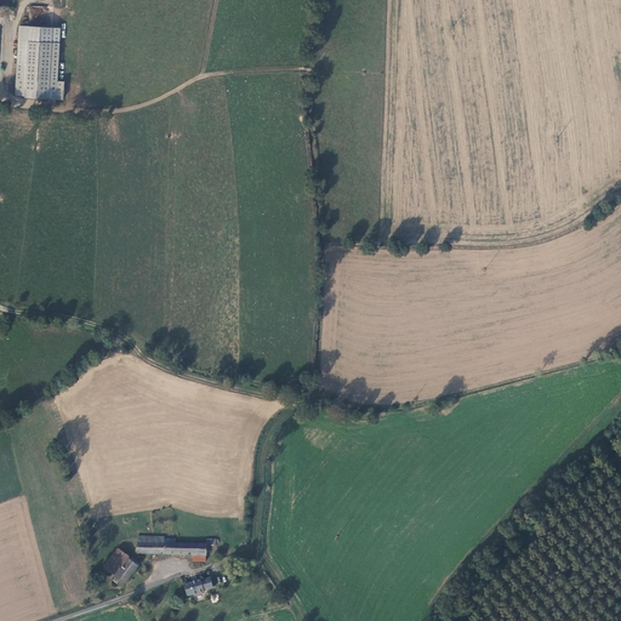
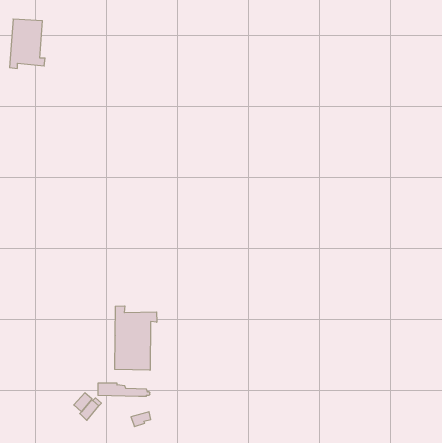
building: none -> [115,306,157,370]

